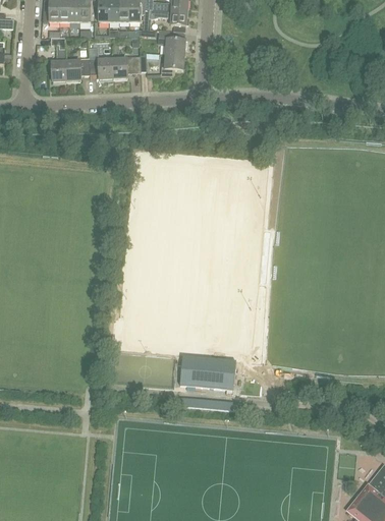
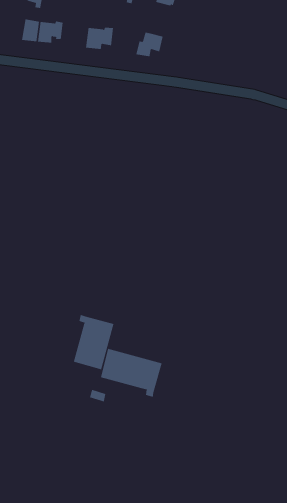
building: [158,31,184,54] -> none
building: [88,48,112,77] -> none
building: none -> [73,314,114,370]

